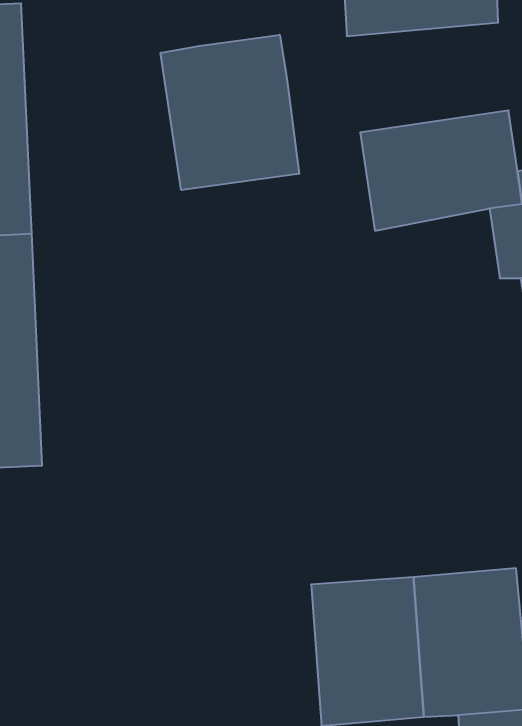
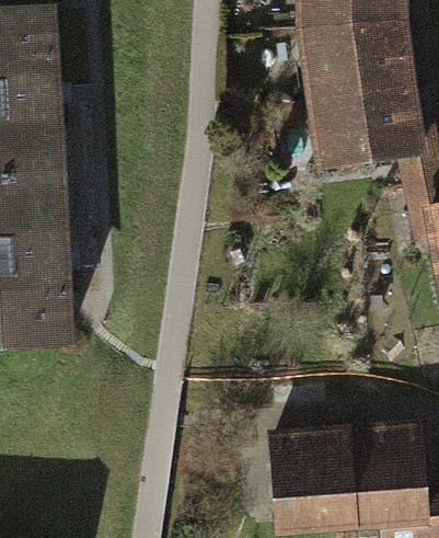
building: none -> [298,19,417,100]
building: [161,35,299,190] -> none

